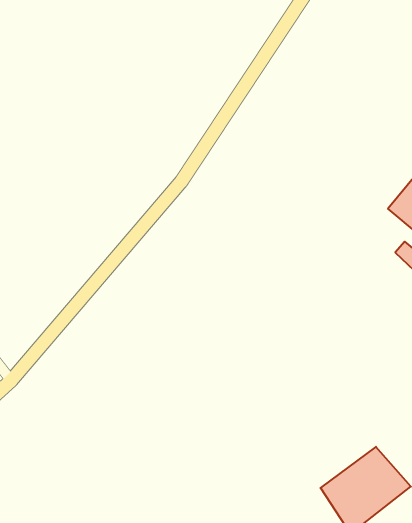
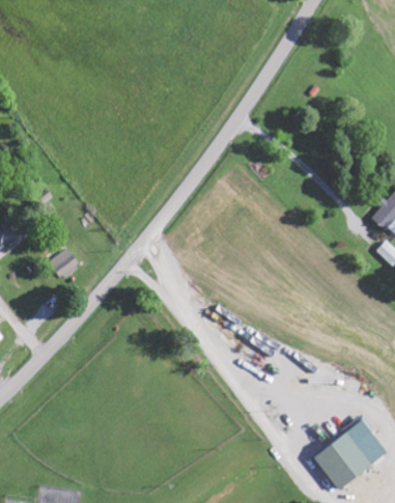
building: none -> [47,245,81,278]

